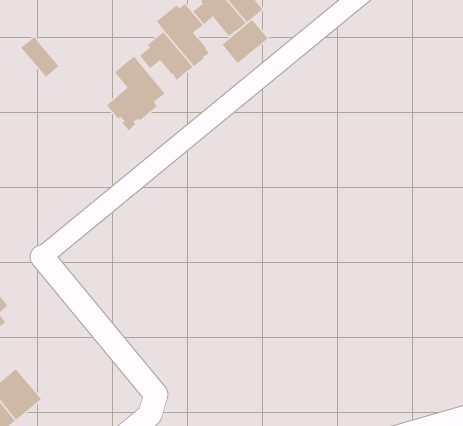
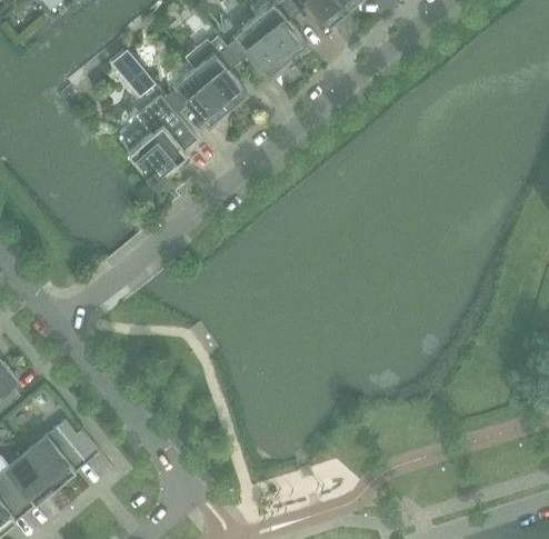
building: [222,19,269,64] -> none
building: [20,36,59,78] -> [108,49,152,97]
building: none -> [23,420,96,488]

